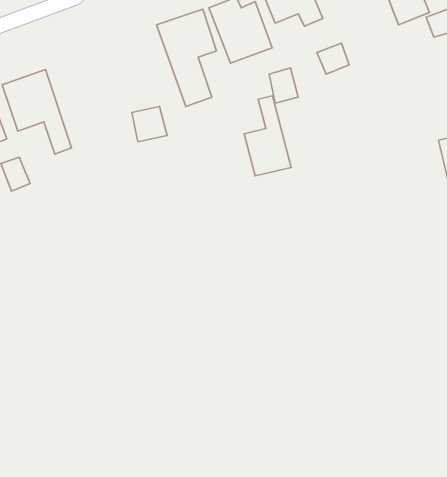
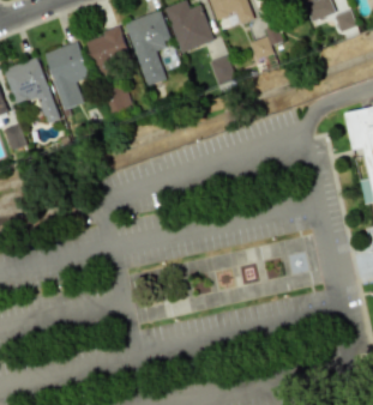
building: none -> [88,26,130,79]
building: none -> [46,42,89,109]
building: [244,96,291,176] -> none

